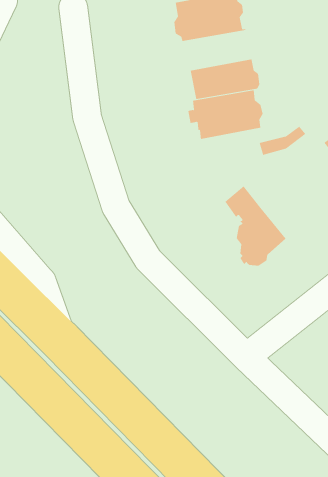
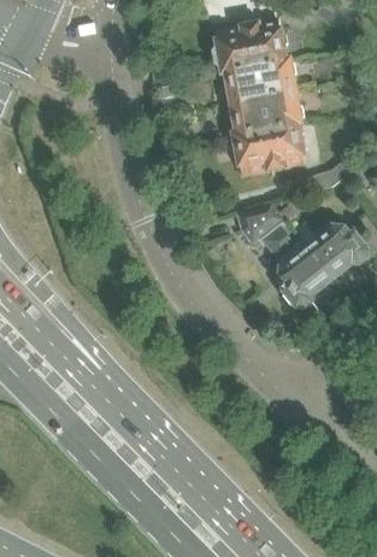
building: none -> [223,59,296,101]
building: none -> [238,203,284,242]
building: none -> [295,219,370,277]

